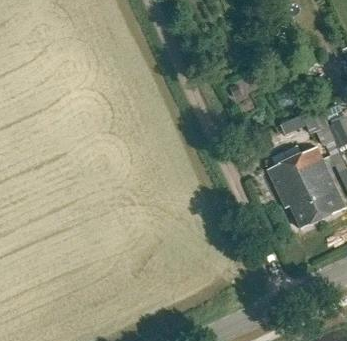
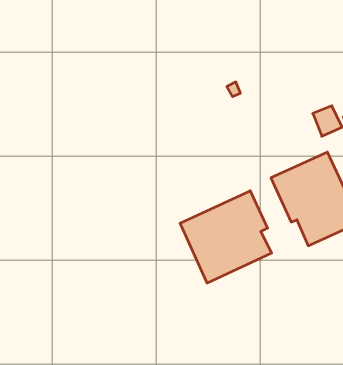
building: none -> [180,191,272,283]

